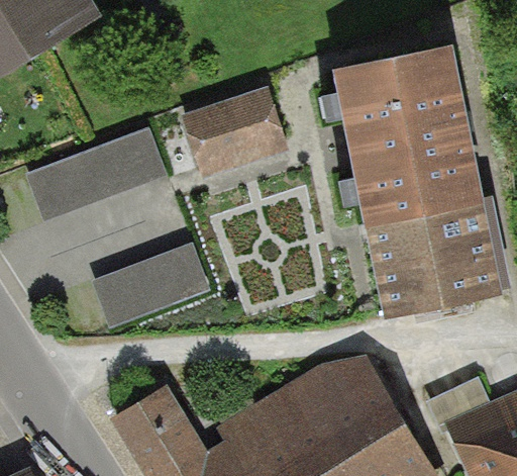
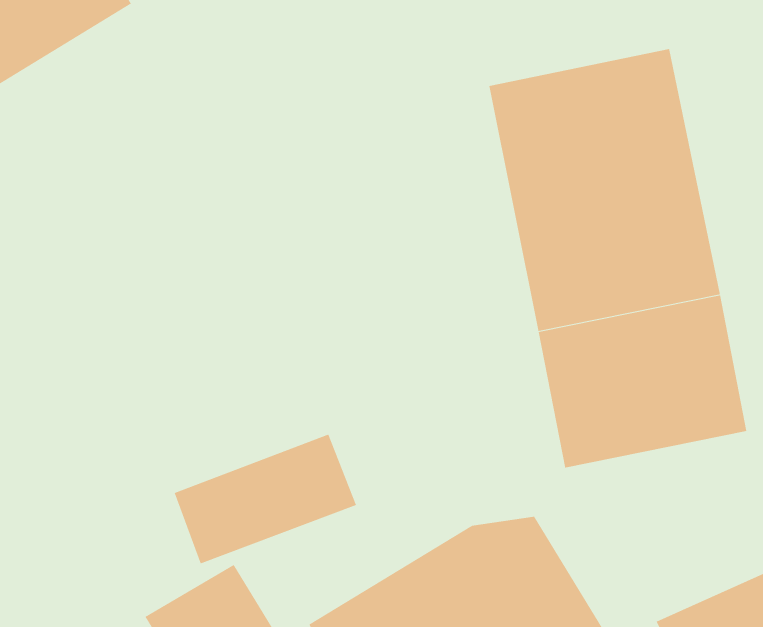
building: [181,87,289,176] -> none
building: [26,125,168,219] -> none
building: [92,242,211,326] -> [174,434,357,564]

